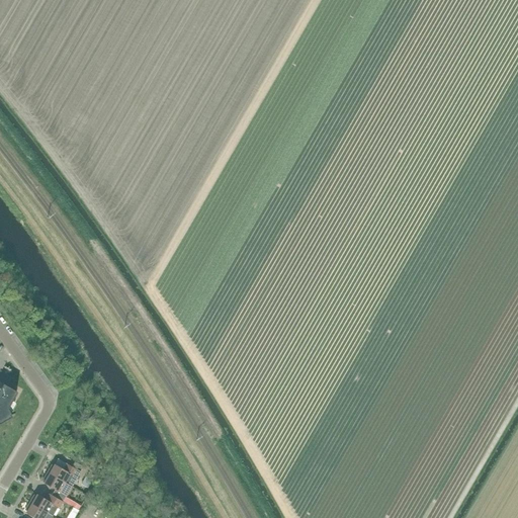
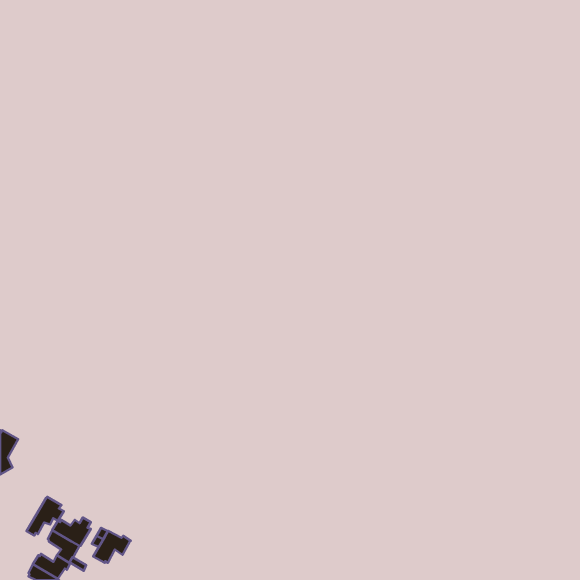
building: none -> [26,497,64,535]
building: none -> [93,531,131,563]

